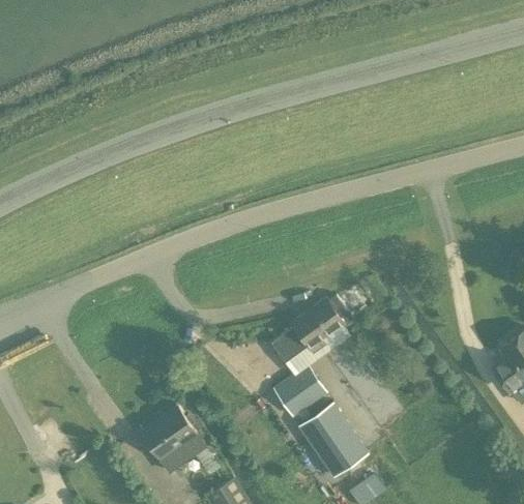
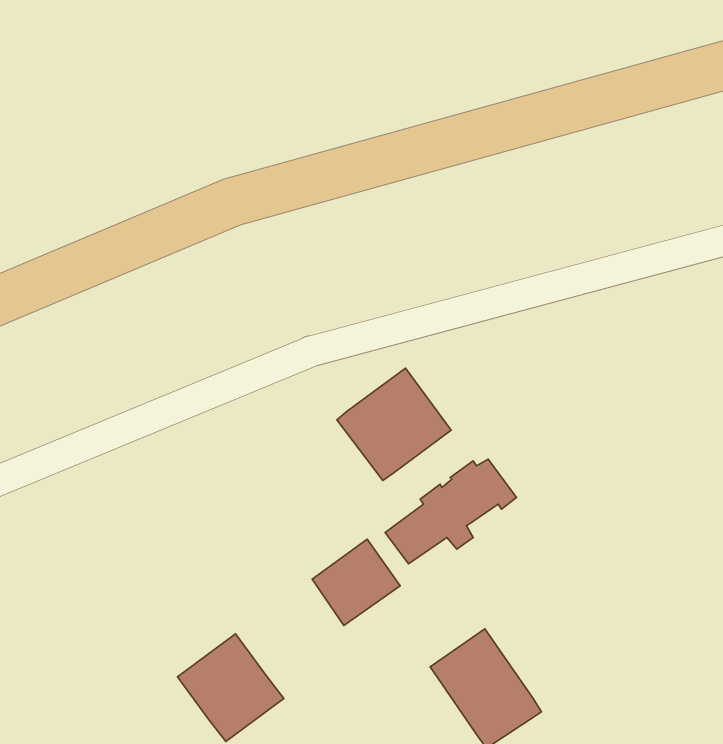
building: none -> [337,368,451,481]
building: [273,365,328,419] -> [312,539,400,626]

